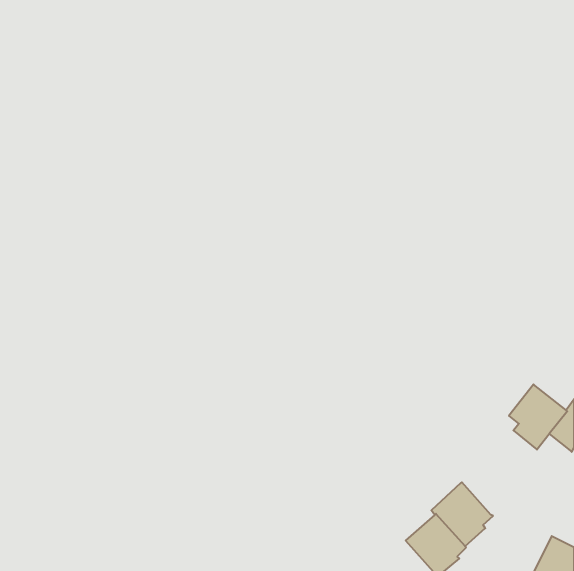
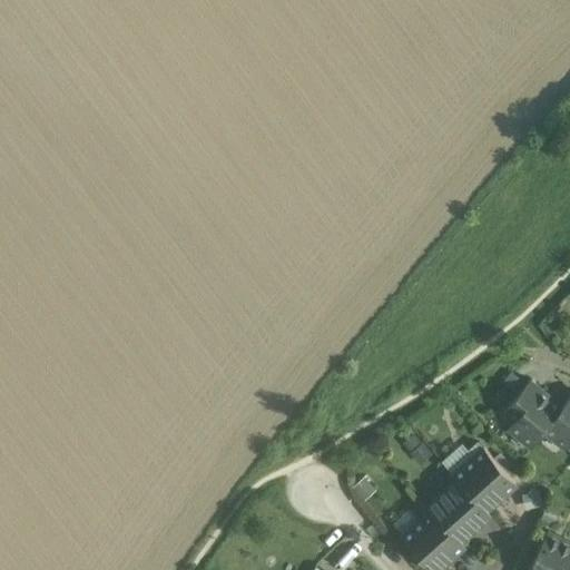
building: none -> [453,450,514,513]

